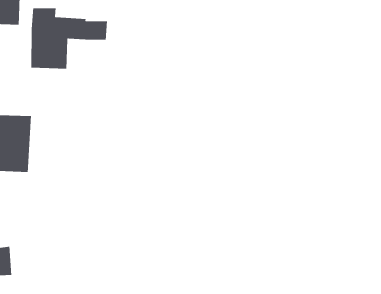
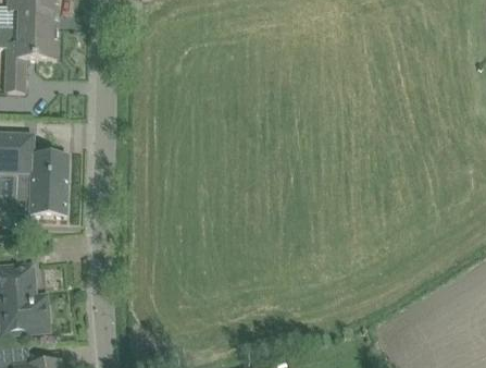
building: [30,7,108,70] -> none

